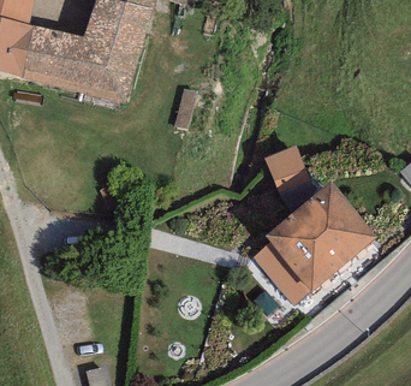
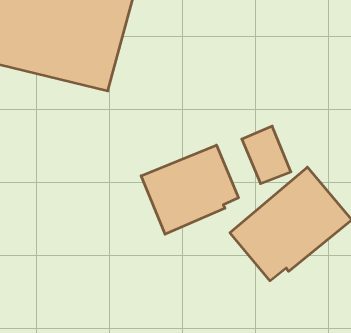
building: none -> [141,145,238,234]

